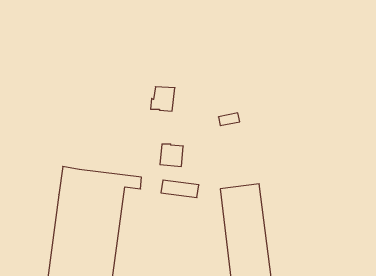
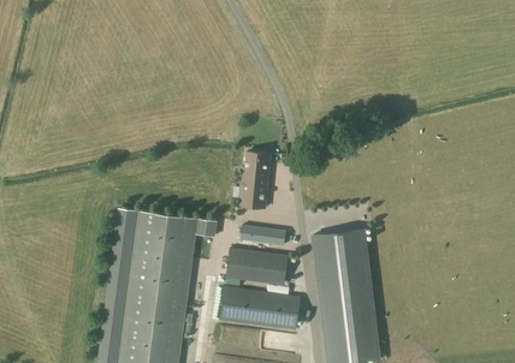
building: [151,87,175,111] -> [242,153,272,183]
building: none -> [226,249,289,286]
building: none -> [221,287,301,329]

